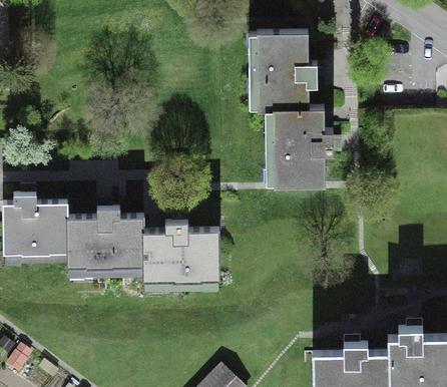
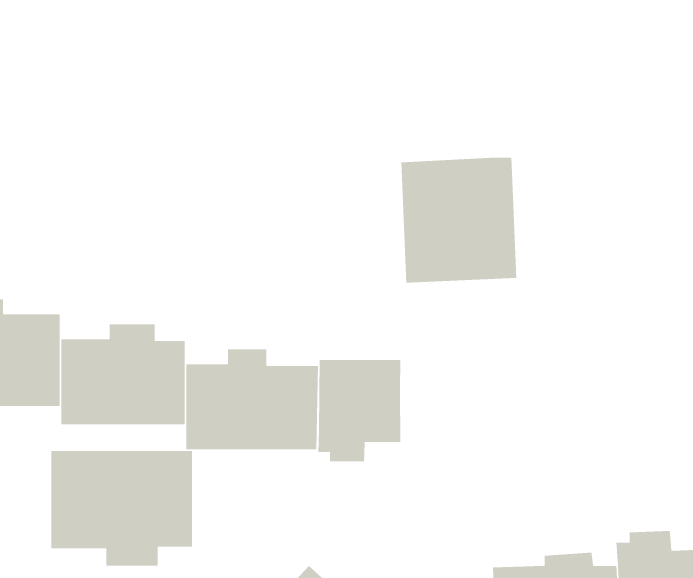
building: [242,28,332,113] -> none
building: none -> [318,359,401,462]
building: none -> [51,450,193,566]

